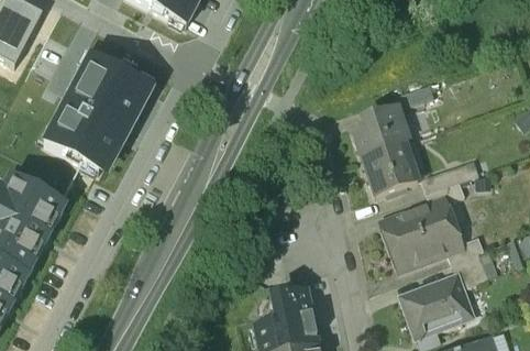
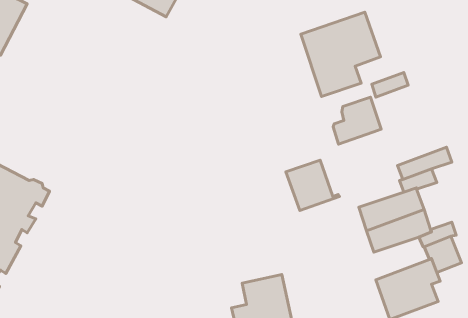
building: none -> [301,12,380,97]
building: [44,55,153,173] -> none
building: [363,144,418,196] -> [286,160,339,210]

